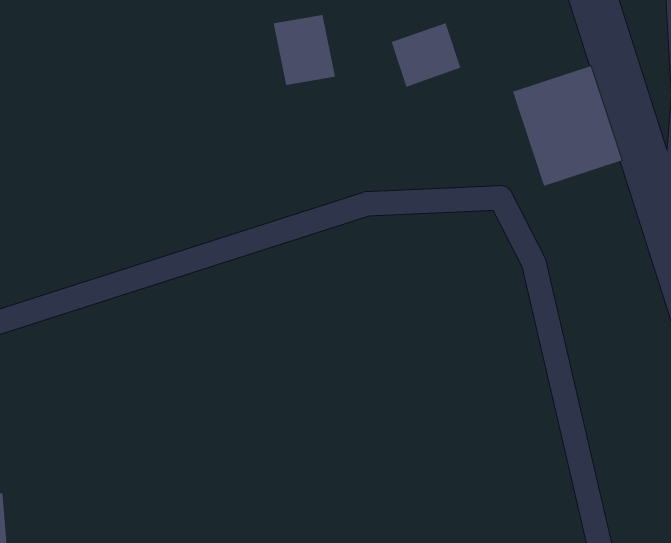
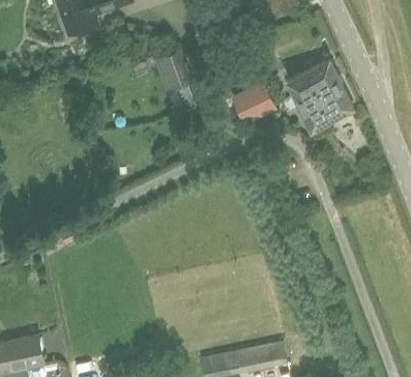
building: [391,22,461,87] -> [231,85,271,123]

